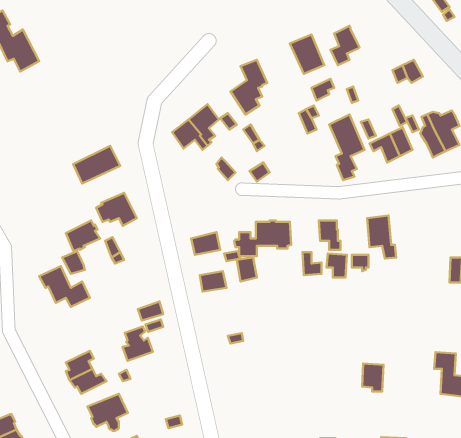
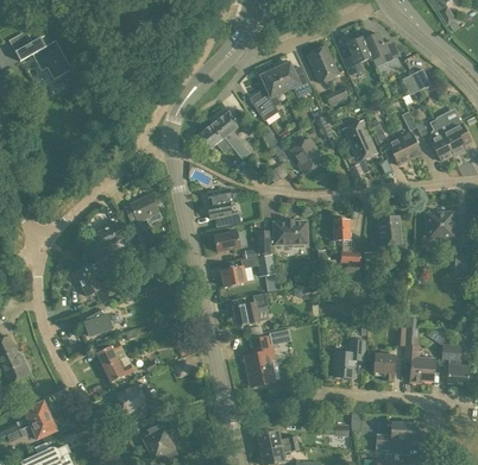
building: none -> [363,32,397,59]
building: none -> [275,61,310,95]
building: none -> [291,137,320,172]
building: [73,146,120,183] -> none
building: none -> [207,187,232,227]
building: none -> [426,209,458,249]
building: none -> [231,293,268,326]
building: [122,327,153,361] -> [83,302,112,334]
building: none -> [403,326,434,382]
building: none -> [244,328,290,385]
building: none -> [334,340,365,376]

